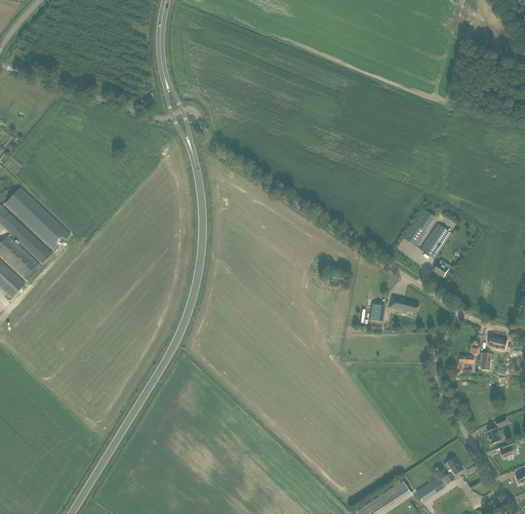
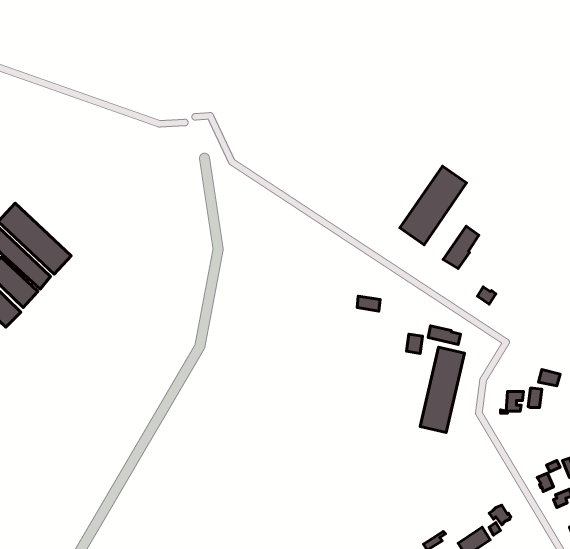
building: none -> [400,166,467,245]
building: [419,223,451,258] -> none
building: none -> [420,347,464,432]

